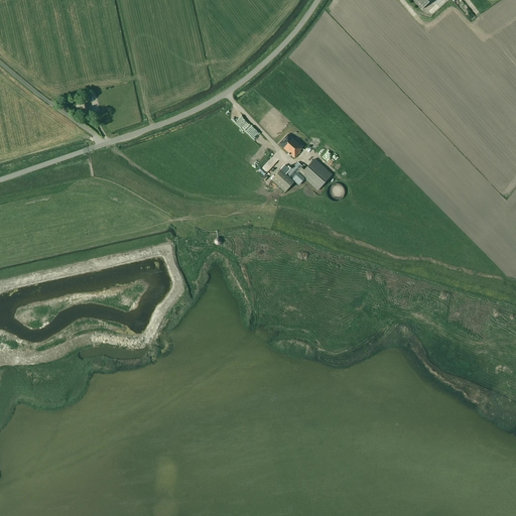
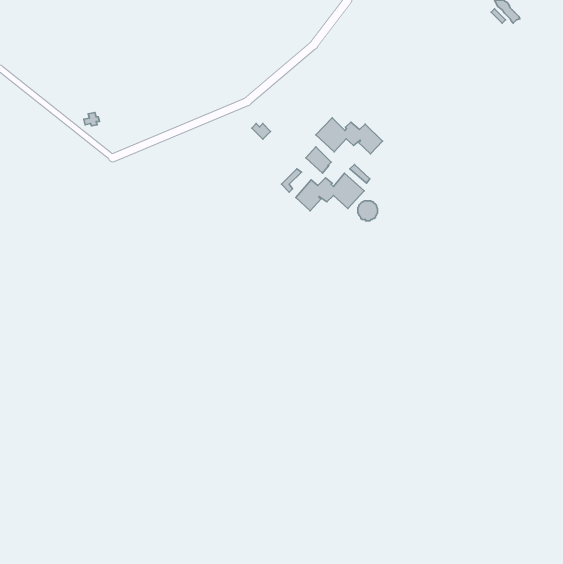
building: none -> [316,118,382,154]

